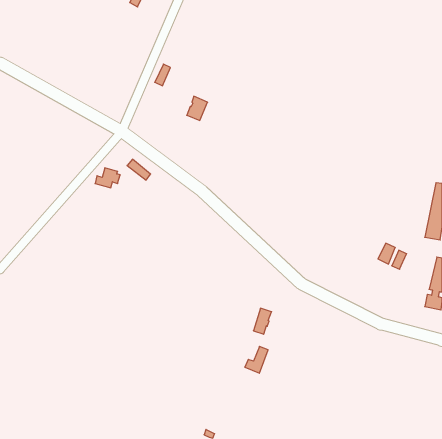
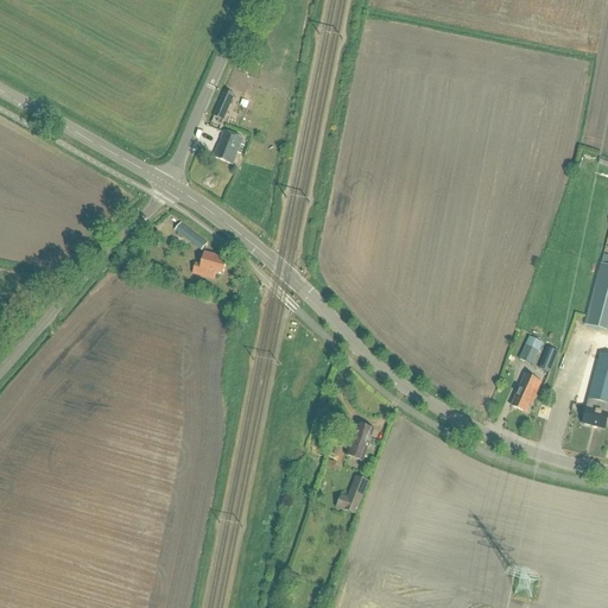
building: [187,96,208,120] -> [214,128,242,162]
building: [95,168,120,188] -> [192,249,227,277]
building: none -> [512,372,542,408]

